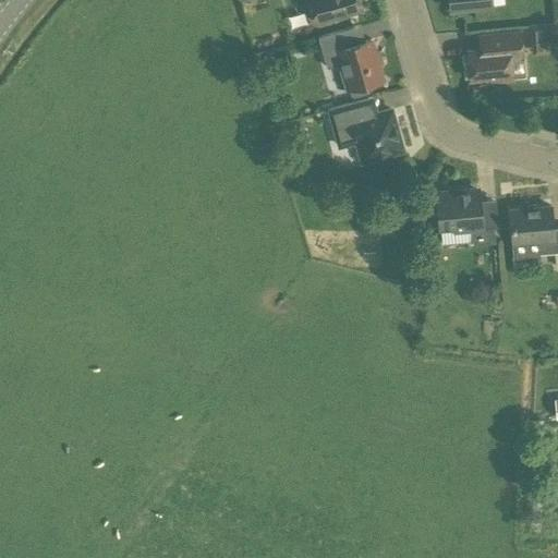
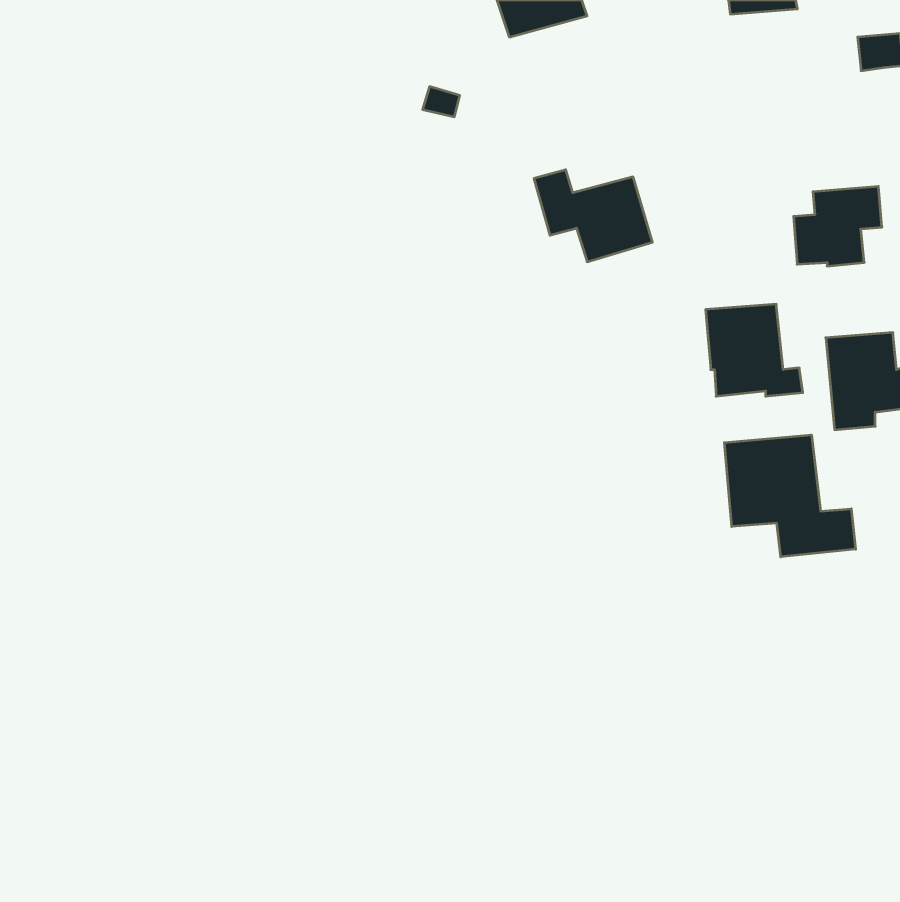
building: [319,31,385,97] -> none
building: [470,32,524,81] -> [794,186,882,266]
building: none -> [724,435,856,557]

